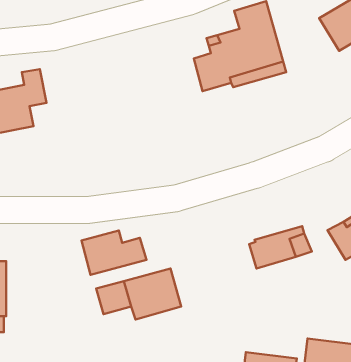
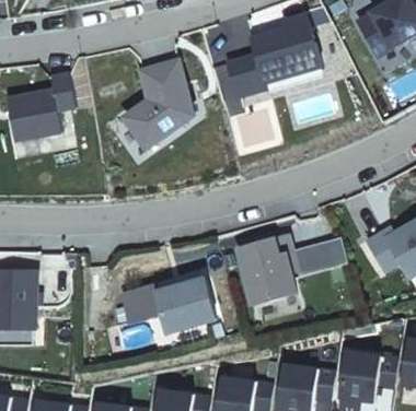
building: none -> [124,61,193,149]
building: none -> [236,234,296,304]
building: [82,231,146,275] -> none

